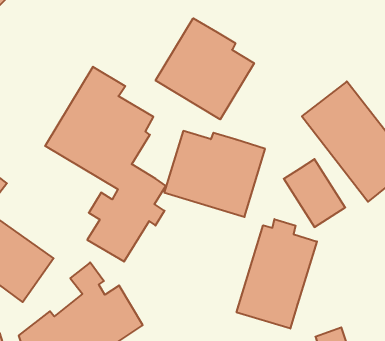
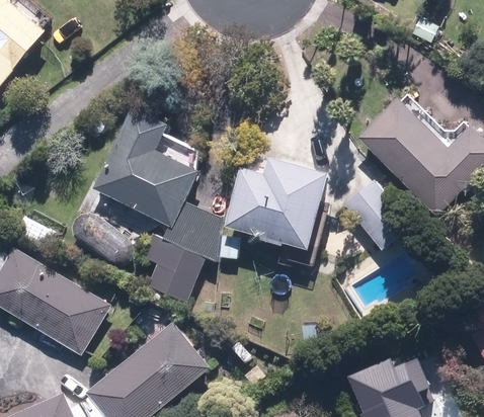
building: [156,18,254,119] -> none
building: [237,219,317,329] -> none

